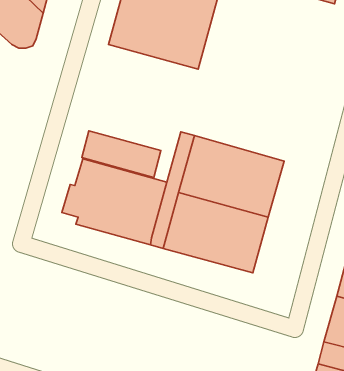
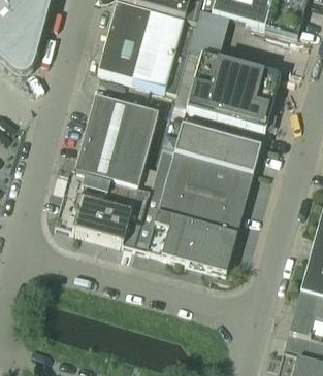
building: none -> [185,50,280,128]
building: none -> [79,94,158,163]
building: none -> [173,122,260,172]

